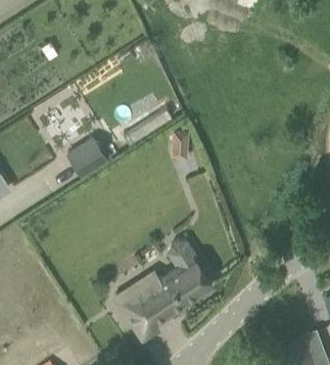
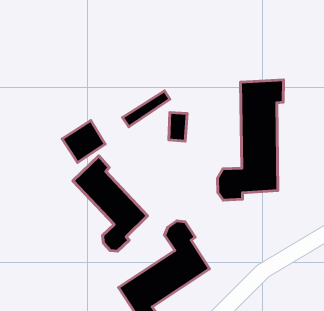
building: none -> [218,80,283,200]
building: none -> [73,156,148,251]

